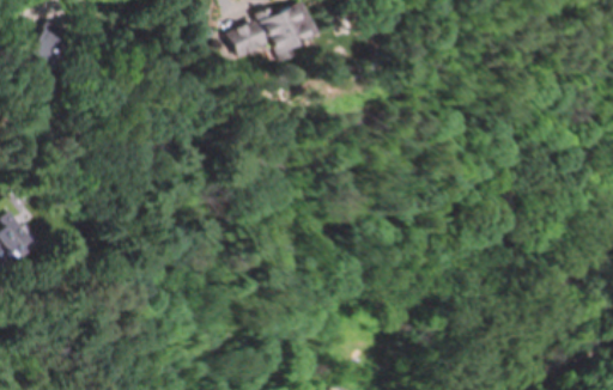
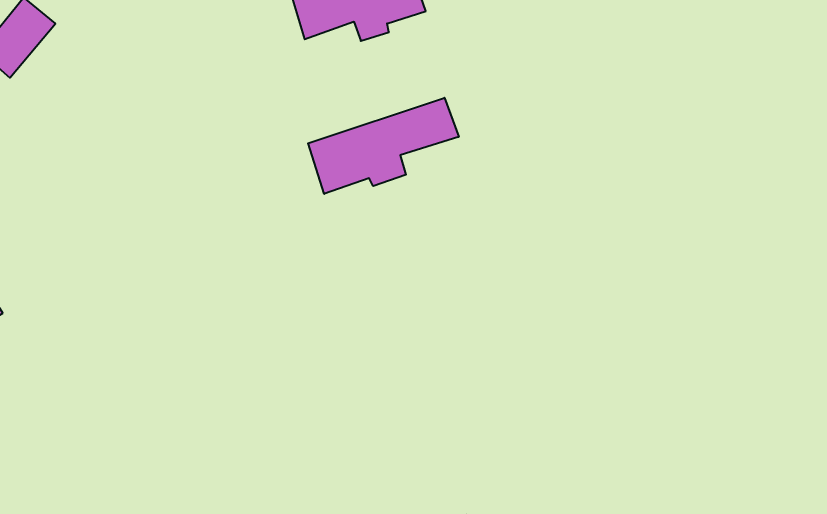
building: none -> [308,98,459,194]

